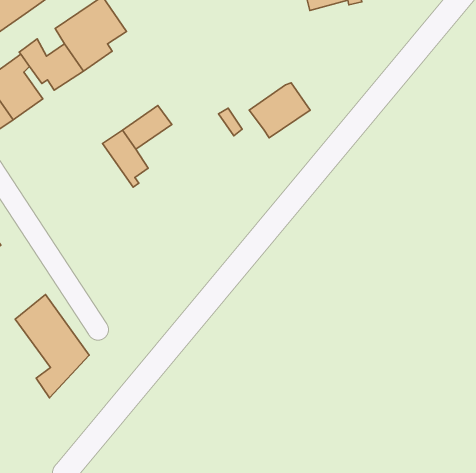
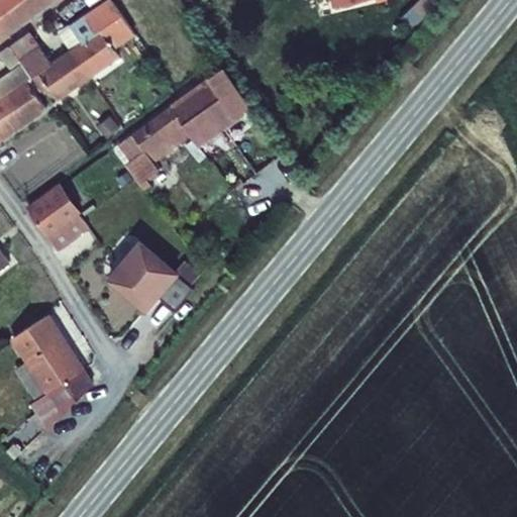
building: [249,83,310,138] -> [168,83,232,141]
building: none -> [27,189,86,248]
building: none -> [104,248,187,317]

